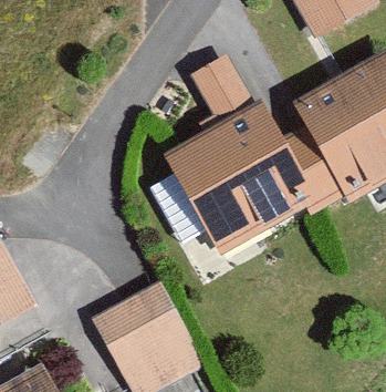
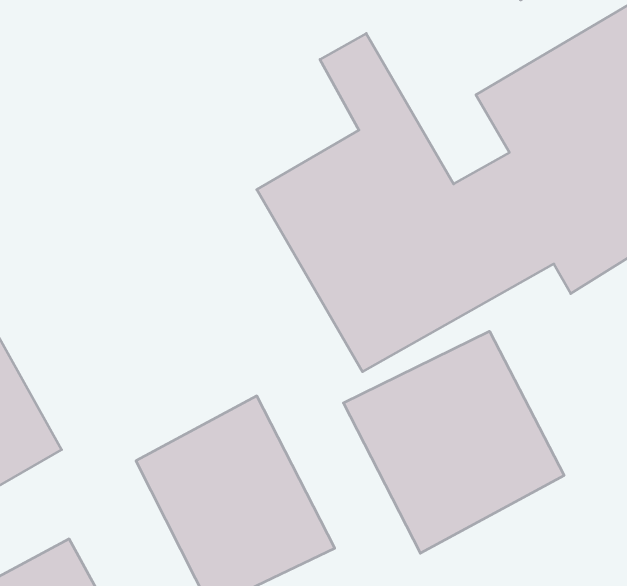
building: none -> [343,331,564,553]

